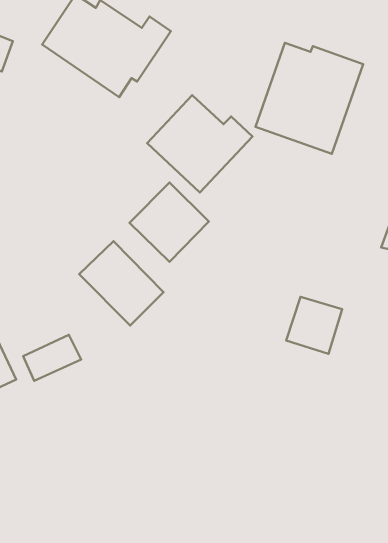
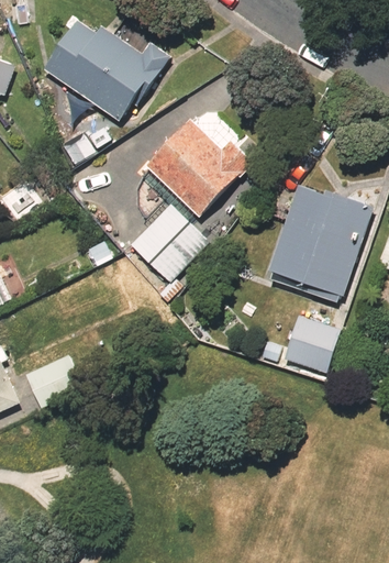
building: [256,43,363,154] -> [268,187,374,296]
building: [79,241,163,325] -> none

